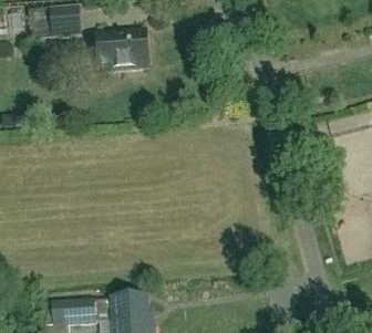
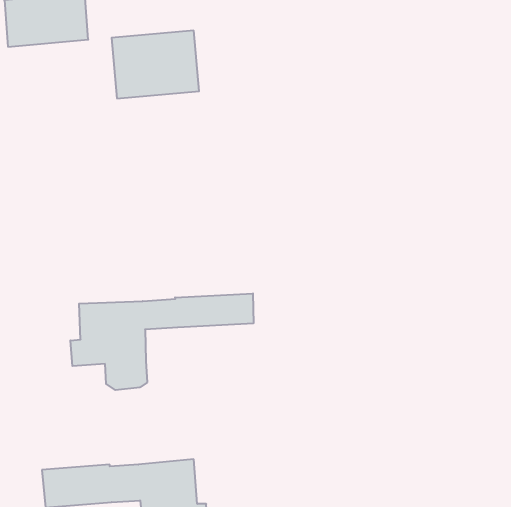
building: none -> [70,293,253,390]

